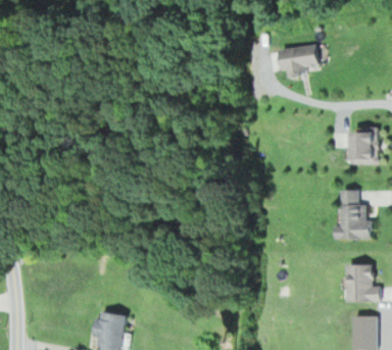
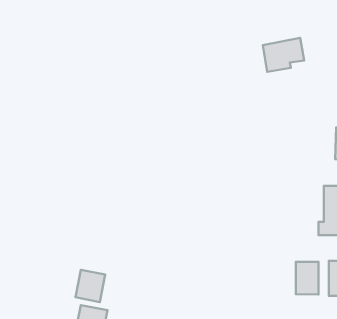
building: none -> [296,262,318,294]
building: none -> [75,270,105,302]

